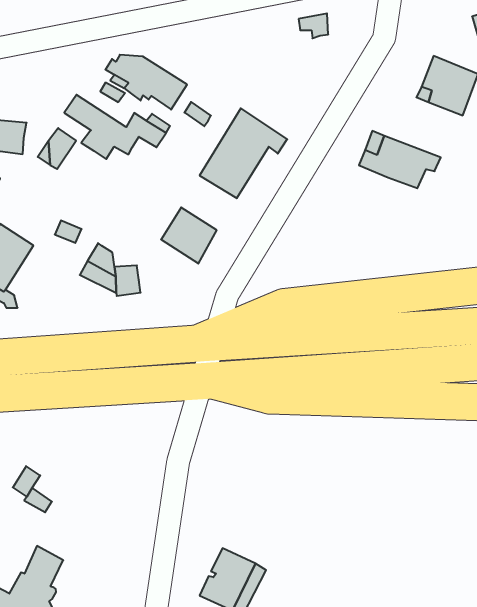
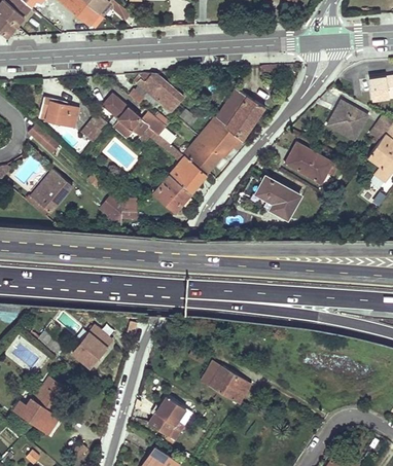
building: none -> [215,89,264,141]
building: none -> [143,127,205,192]
building: none -> [255,176,299,218]
building: none -> [72,326,110,366]
building: none -> [202,361,250,402]

